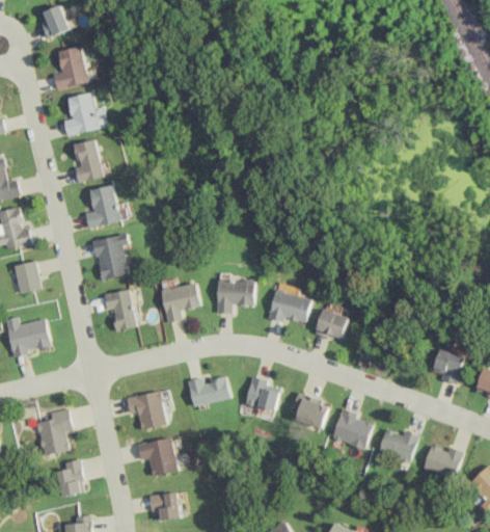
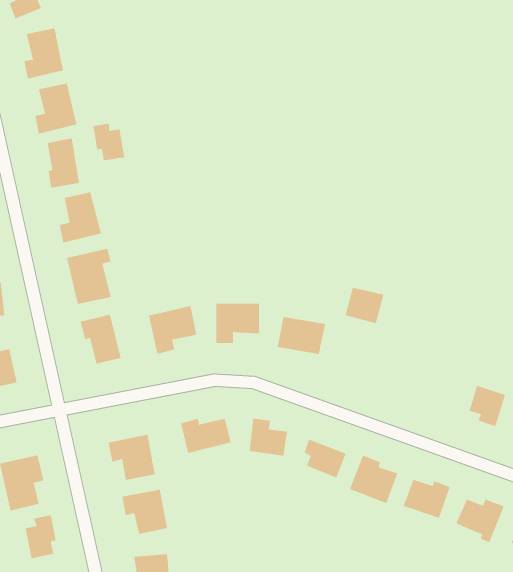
building: none -> [93,123,125,161]
building: [316,310,349,341] -> [345,287,384,324]

